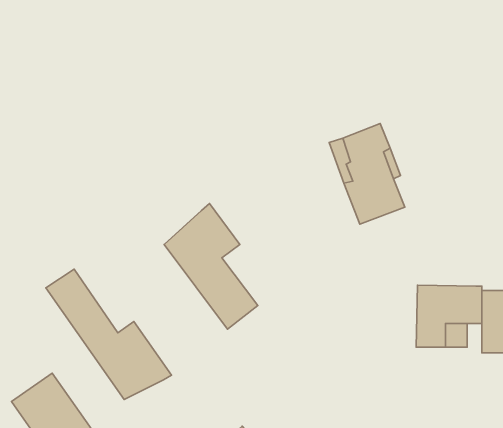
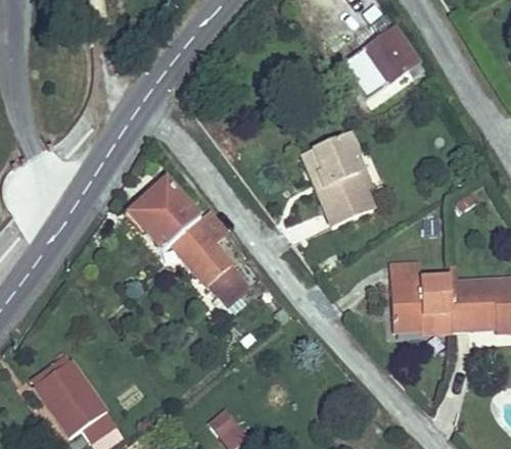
building: none -> [345,22,431,99]
building: none -> [121,174,194,245]
building: [46,269,171,400] -> none

